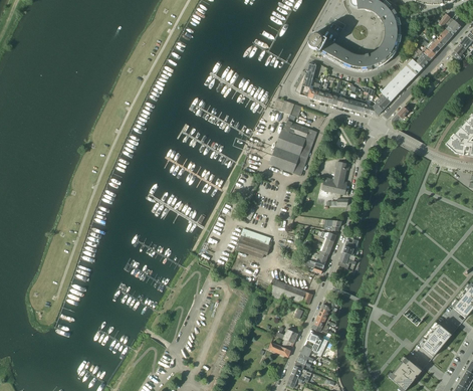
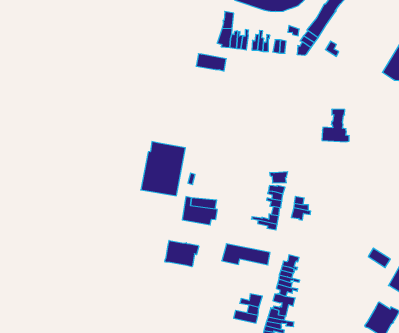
building: [269,121,317,175] -> [141,142,185,196]
building: [322,162,348,194] -> [322,109,349,142]
building: none -> [165,240,199,267]

